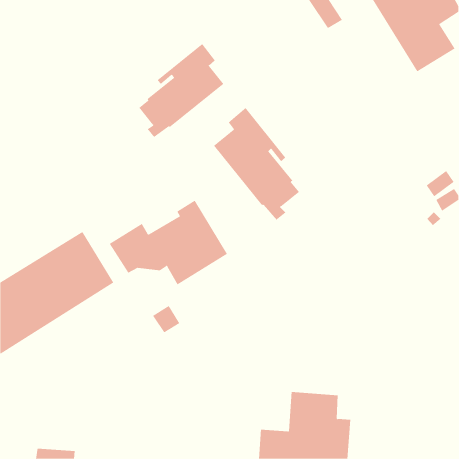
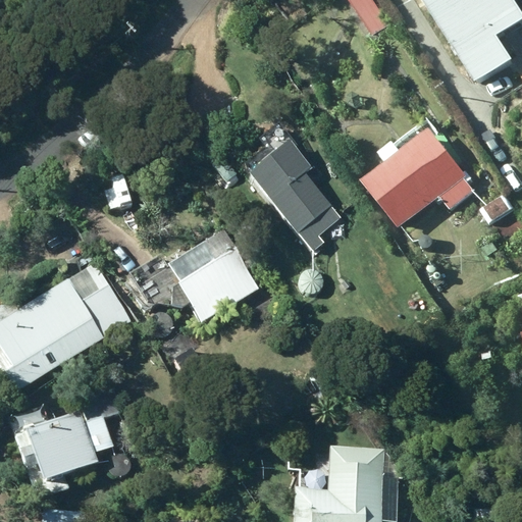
building: [139,43,224,138] -> none
building: none -> [366,127,476,227]
building: none -> [13,387,121,480]

